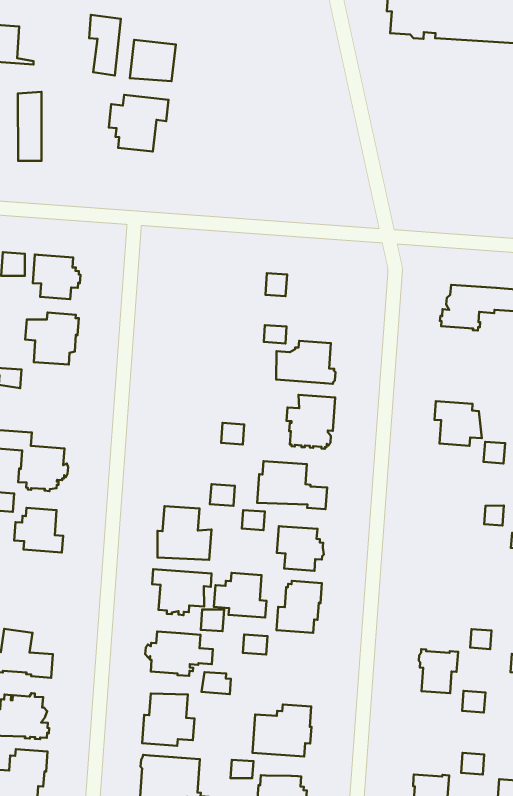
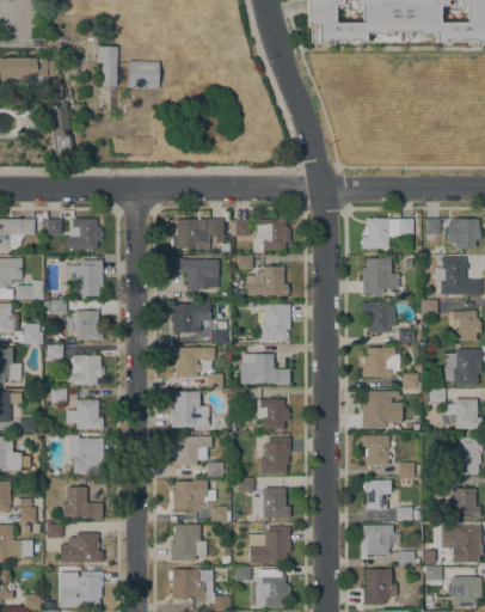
building: [109,95,169,152] -> none
building: none -> [172,219,222,249]
building: none -> [253,219,289,253]
building: none -> [171,258,220,289]
building: none -> [362,257,405,294]
building: none -> [75,311,103,341]
building: none -> [171,302,205,332]
building: none -> [170,347,215,377]
building: none -> [361,347,401,378]
building: none -> [362,391,403,428]
building: none -> [68,435,103,475]
building: [214,573,267,617] -> [253,488,290,518]
building: none -> [362,435,391,467]
building: none -> [362,525,393,555]

